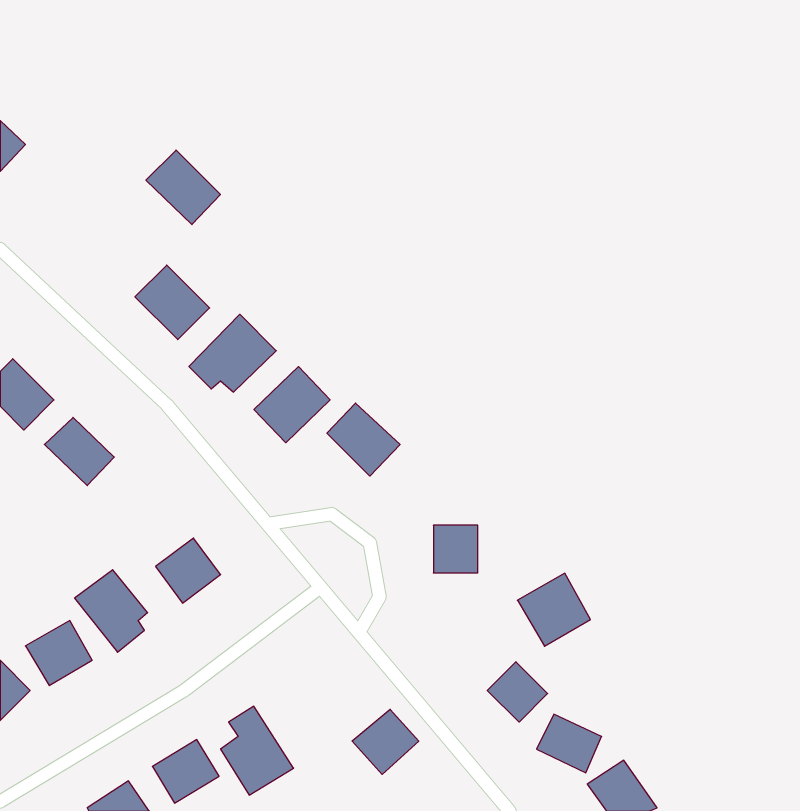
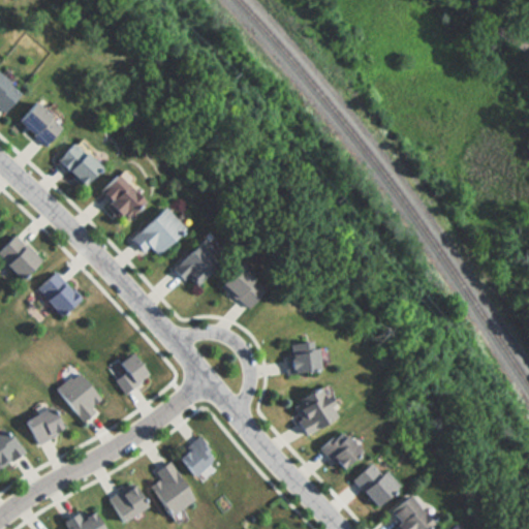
building: [146,150,220,225] -> [54,139,102,188]
building: none -> [17,99,64,148]
building: [517,573,590,646] -> [294,387,342,435]
building: [352,709,419,774] -> [178,436,221,478]

